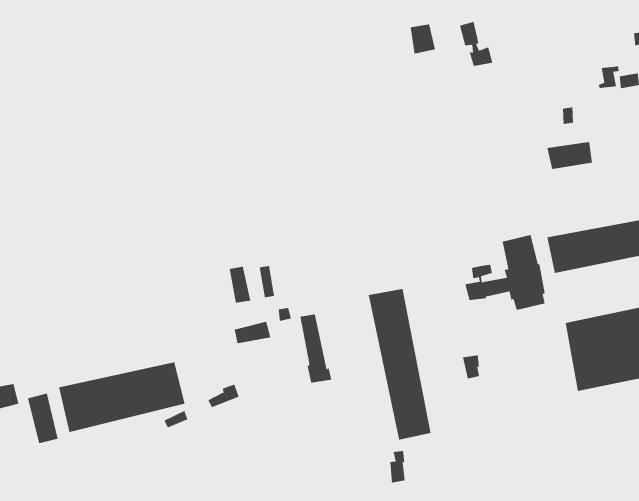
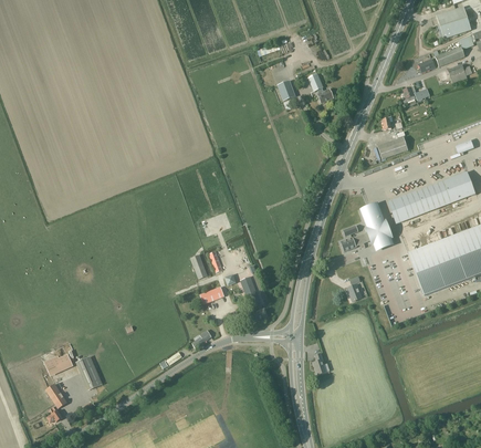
building: [368,288,431,441] -> none
building: [59,361,185,433] -> none

